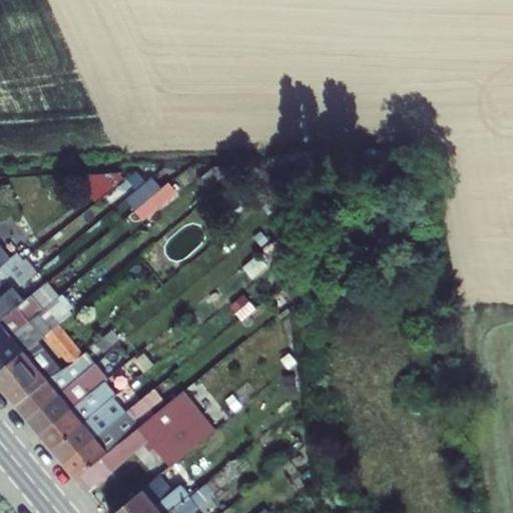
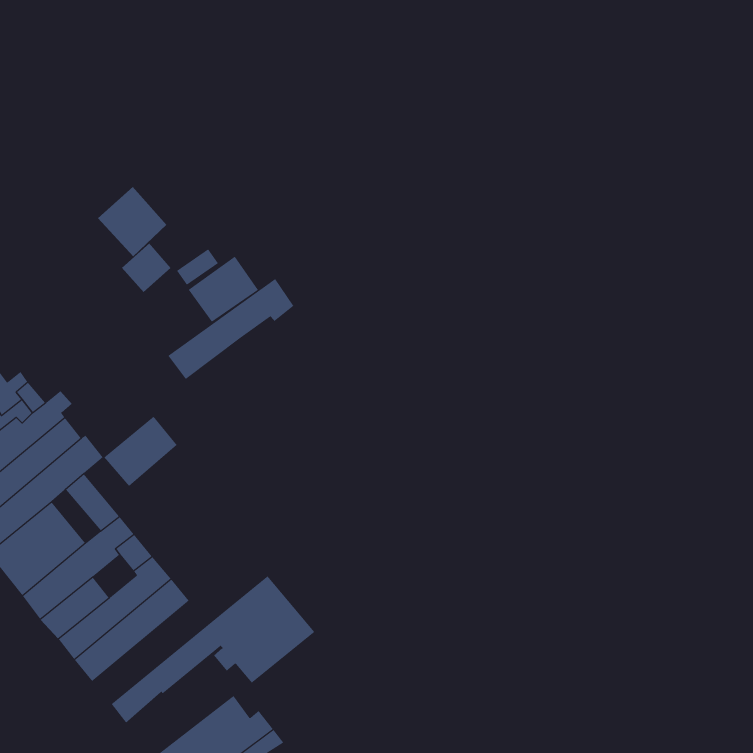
building: none -> [97,186,167,257]
building: none -> [168,278,294,380]
building: none -> [104,416,178,487]
building: [62,398,154,479] -> none

